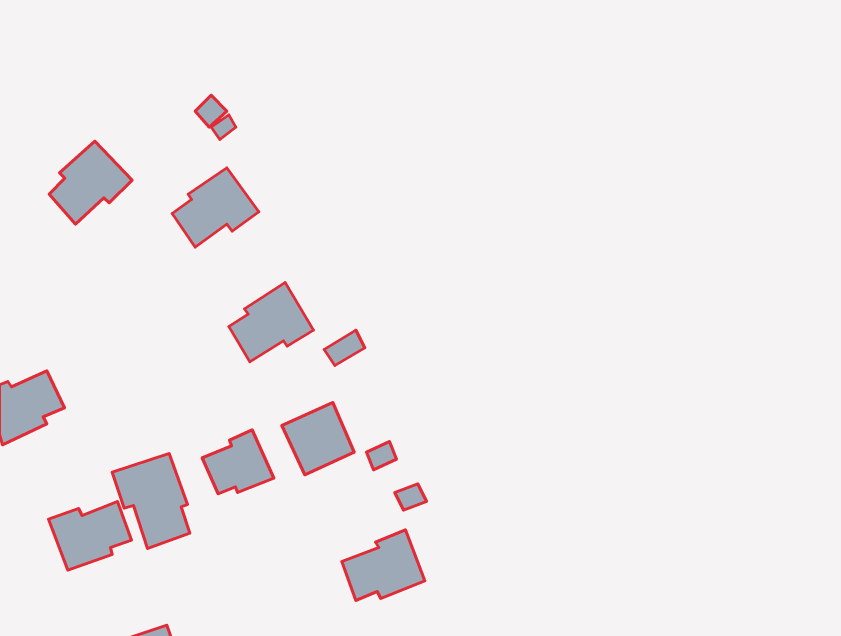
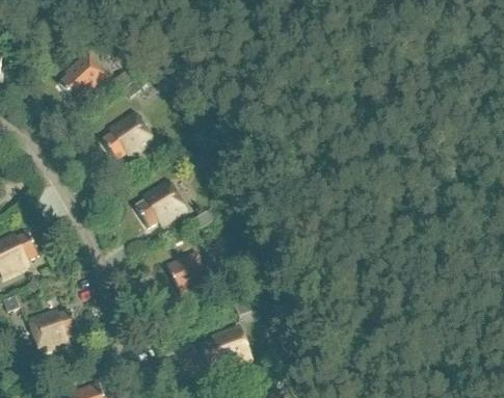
building: [49,141,132,224] -> [59,52,108,101]
building: [202,430,274,494] -> none
building: [112,453,190,548] -> none

